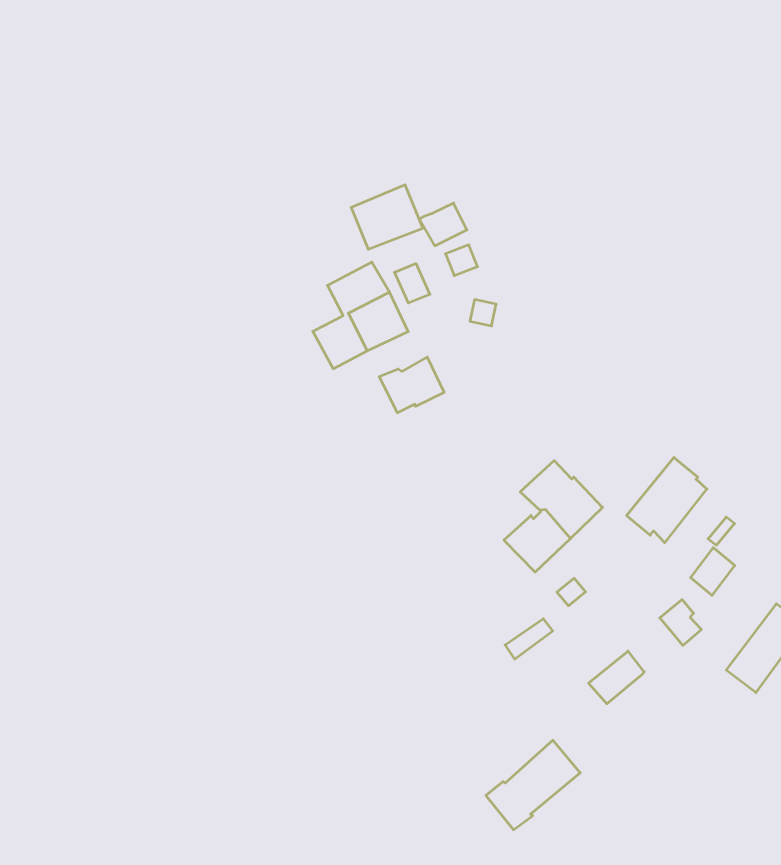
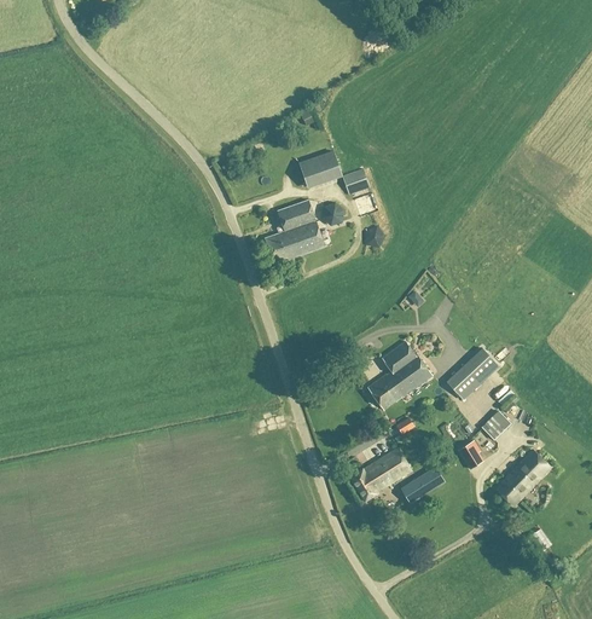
building: [379,357,444,413] -> none
building: [486,740,580,830] -> [350,446,412,499]

